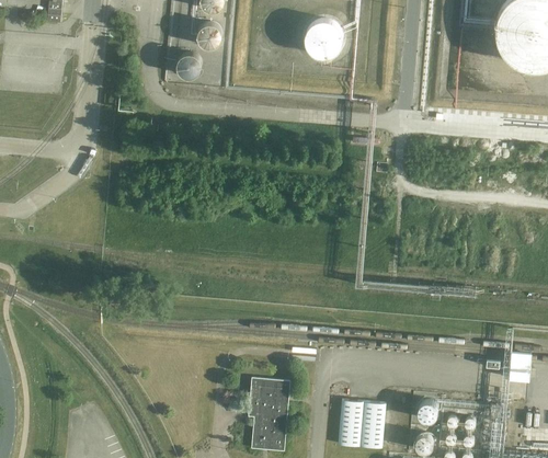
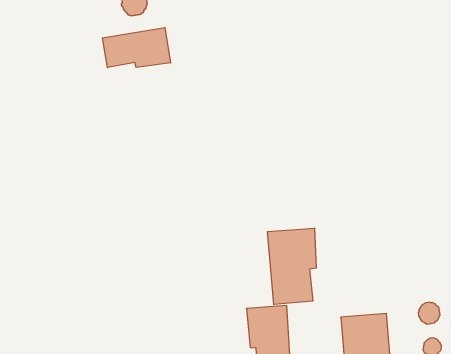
building: none -> [102,27,171,68]
building: none -> [268,228,316,305]

